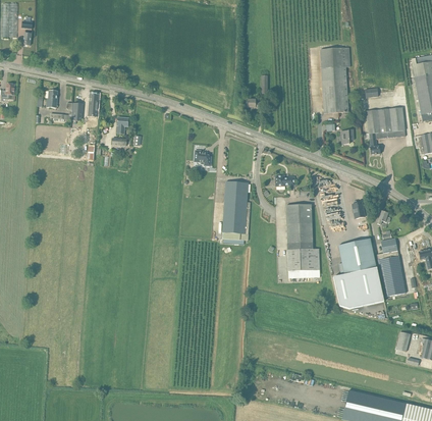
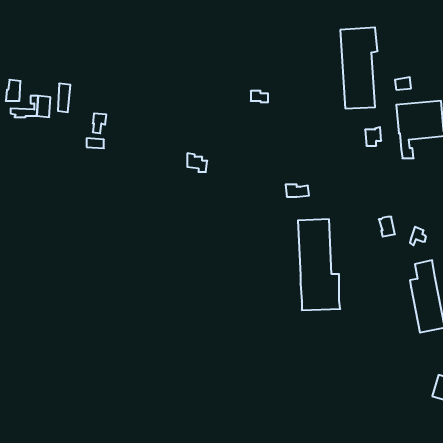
building: [222,181,251,244] -> none
building: [333,239,383,308] -> none

